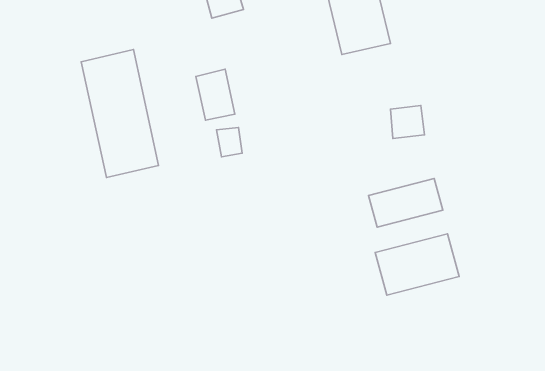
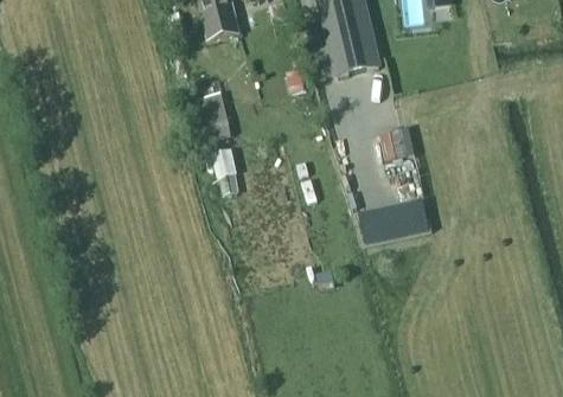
building: [81,50,158,178] -> none
building: [375,234,459,295] -> none

